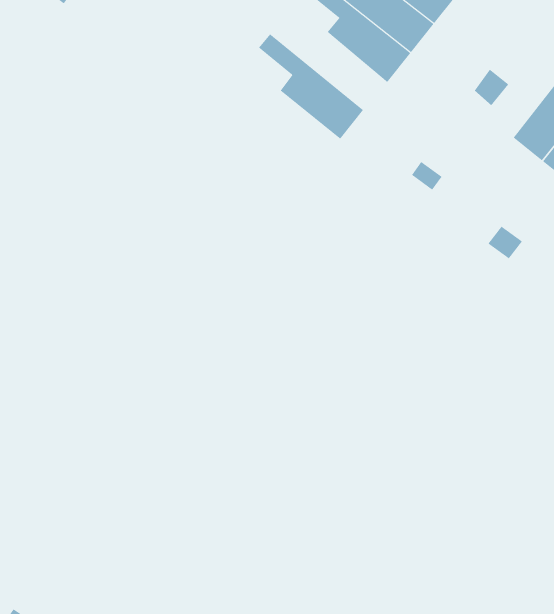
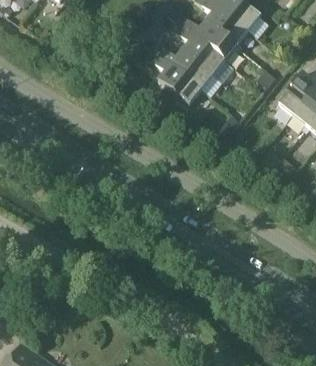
building: none -> [154,42,214,88]

